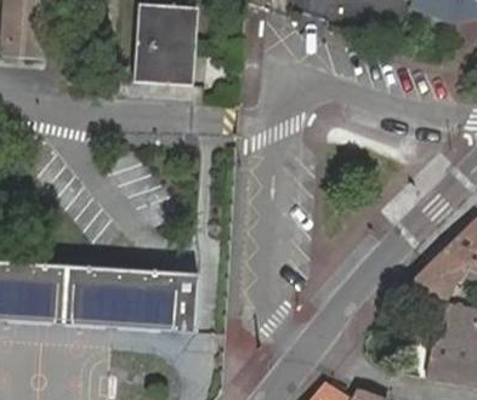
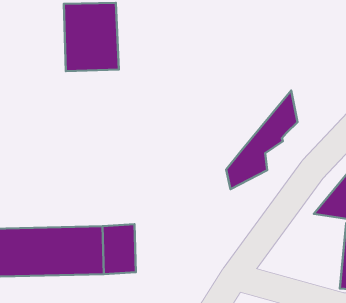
building: none -> [226,90,298,189]

